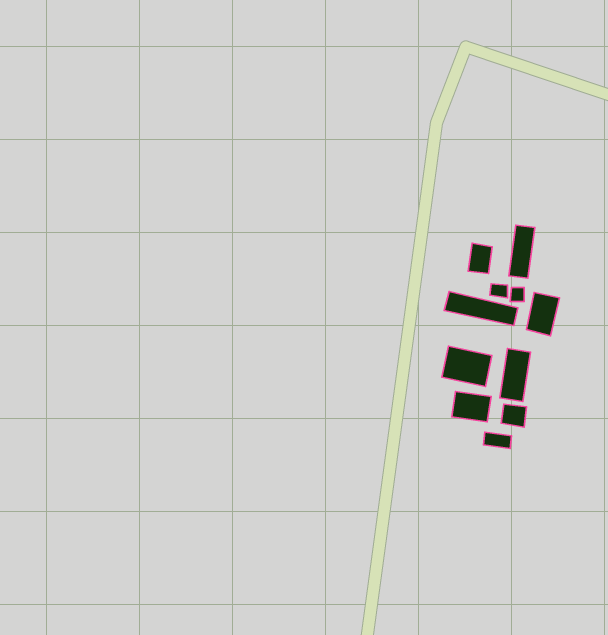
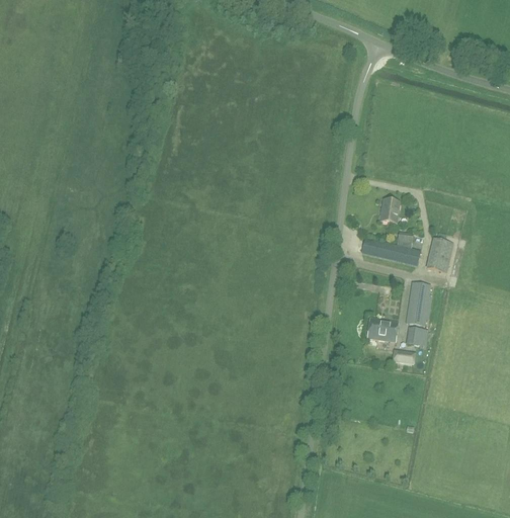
building: [509,225,535,278] -> none
building: [442,346,492,387] -> none

